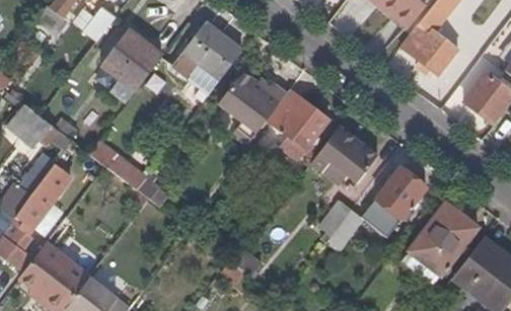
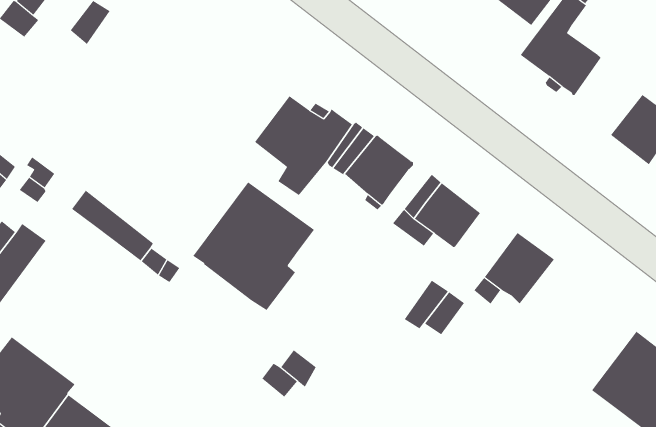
building: [172,24,242,94] -> none
building: [101,30,162,90] -> none
building: none -> [192,182,315,311]
building: [409,203,478,276] -> none

